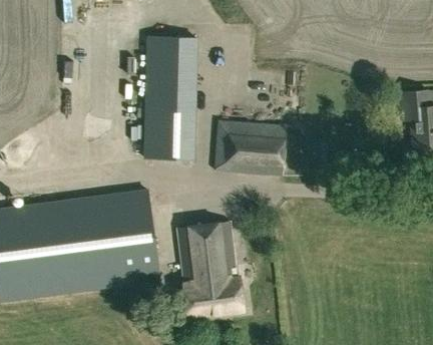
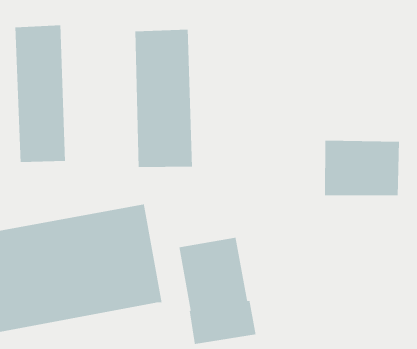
building: none -> [14,24,66,163]
building: [215,119,286,174] -> [324,140,400,196]

